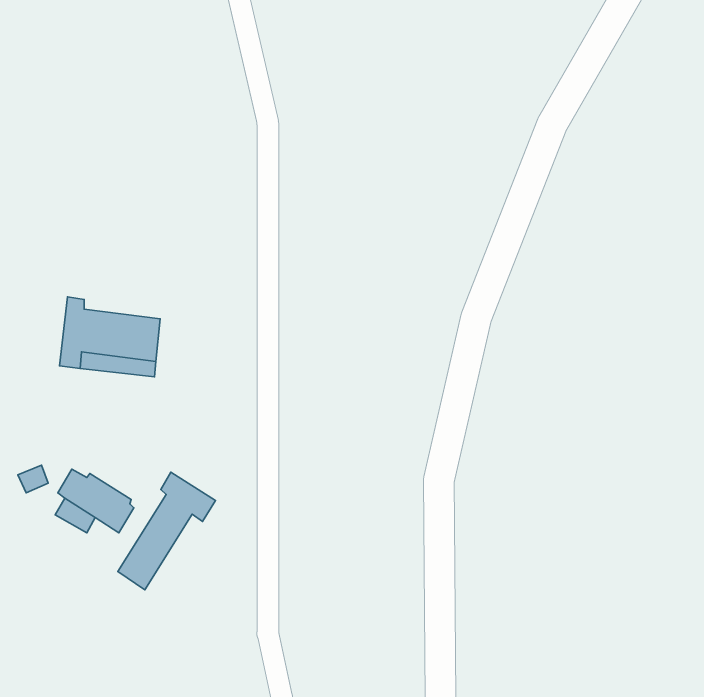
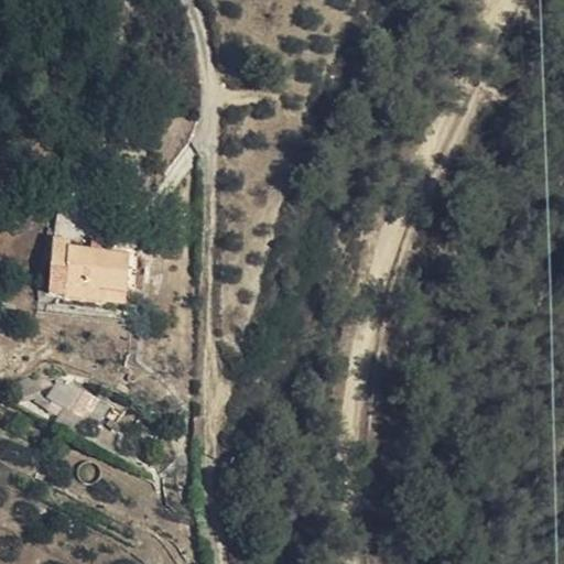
building: [118,472,216,590] -> none

